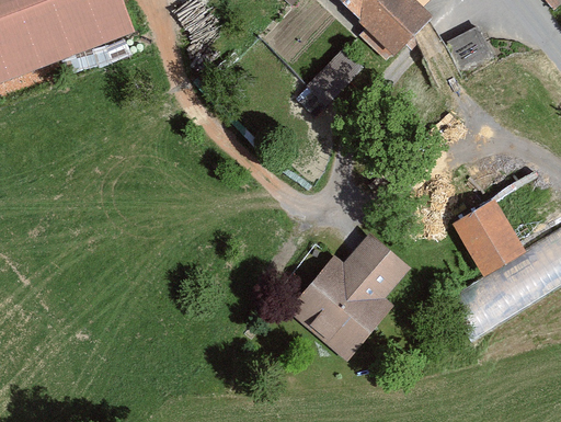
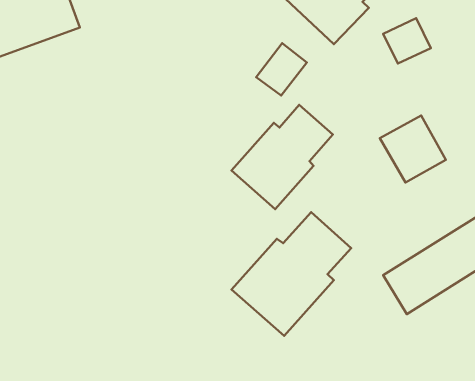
building: none -> [232,105,333,209]
building: [453,199,523,271] -> [380,115,446,182]

